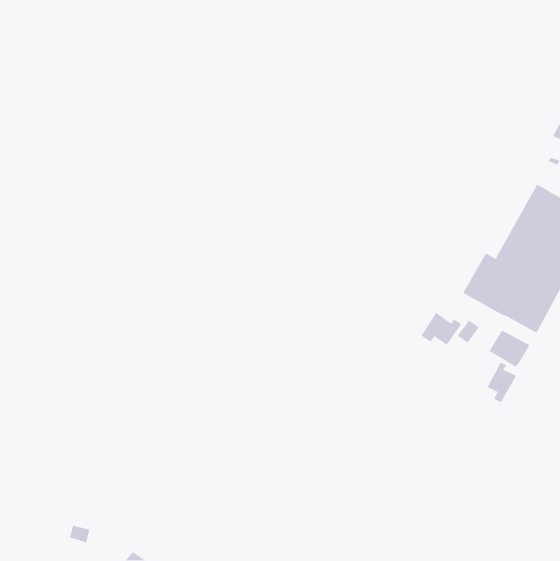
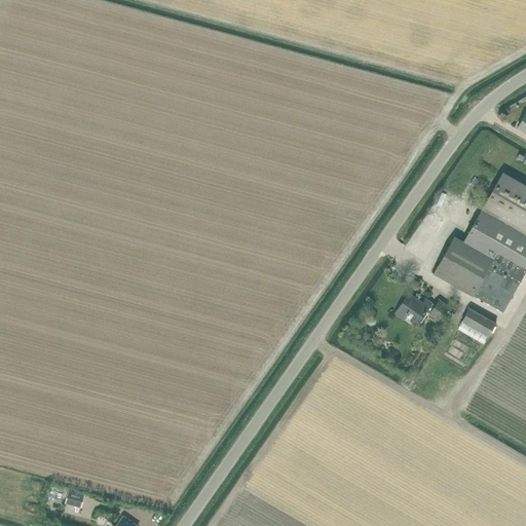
building: [486,361,517,403] -> none

